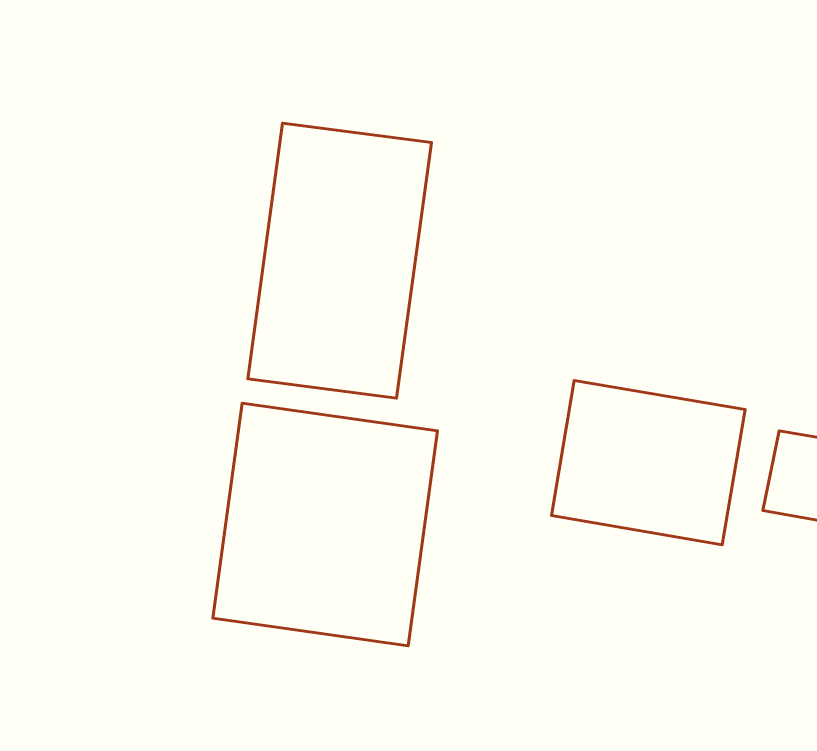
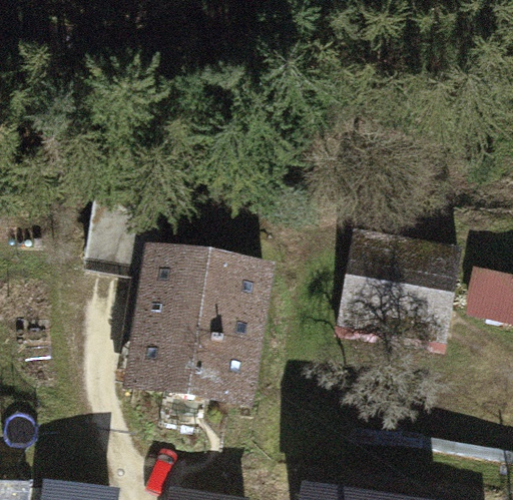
building: [248,123,432,398] -> none

